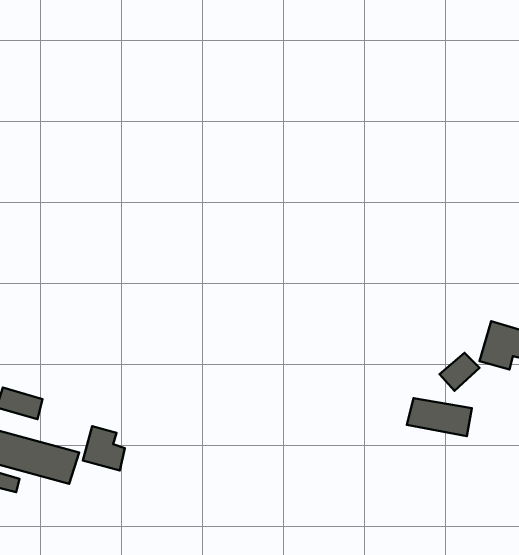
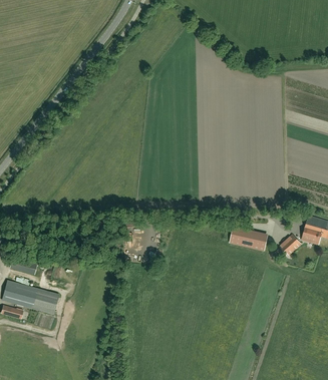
building: [407,398,472,436] -> [228,226,267,249]
building: [83,426,125,470] -> none

